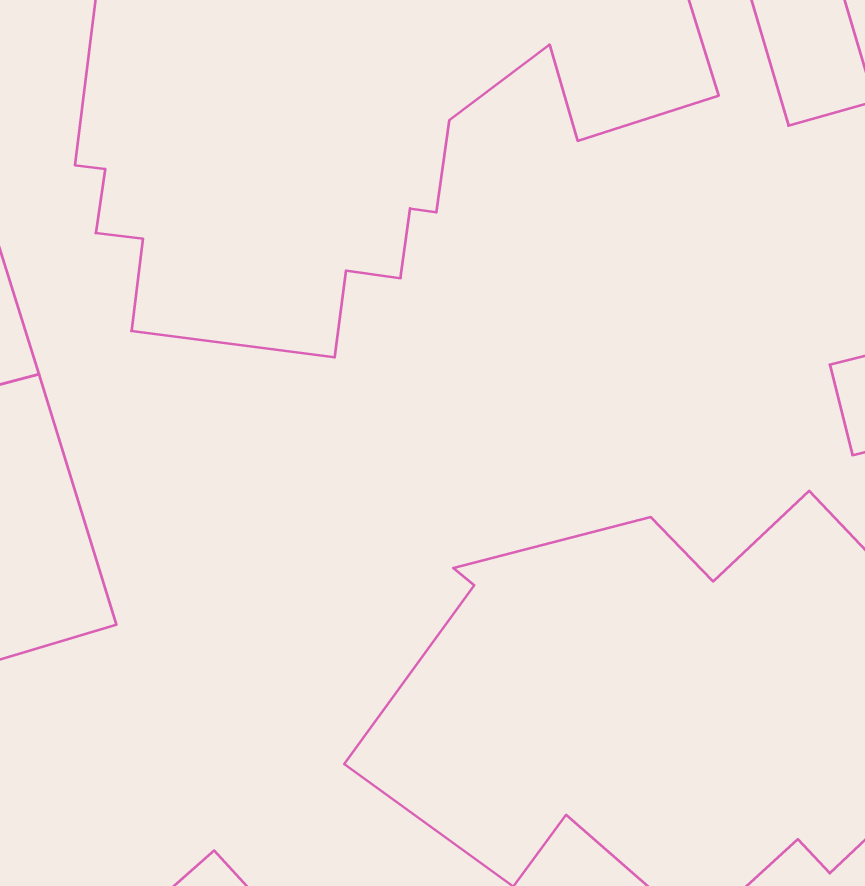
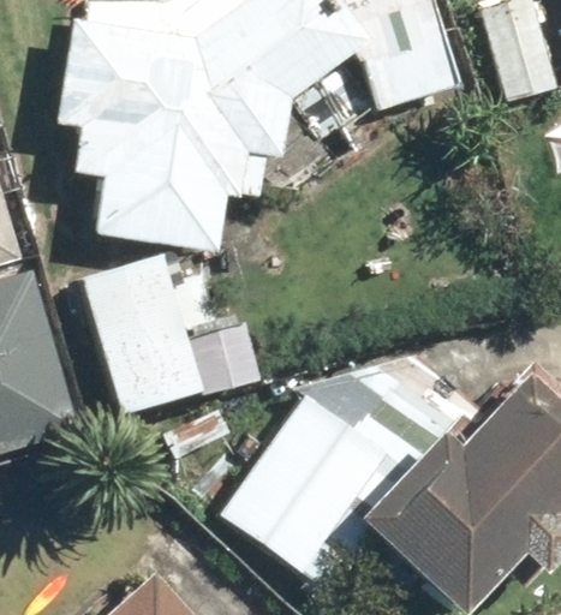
building: none -> [72,255,262,414]

